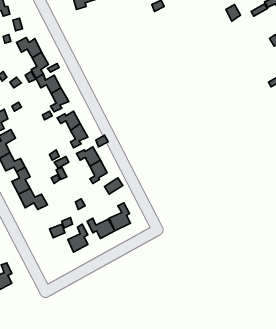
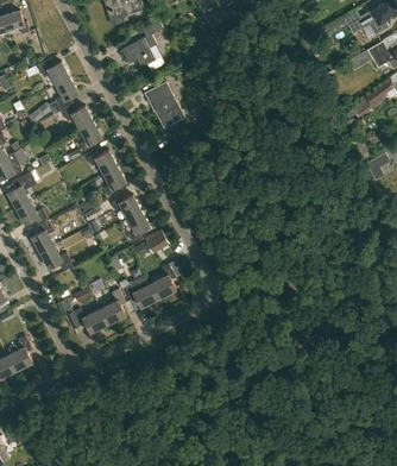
building: none -> [122,20,164,69]
building: none -> [145,81,185,124]
building: none -> [67,308,108,332]

